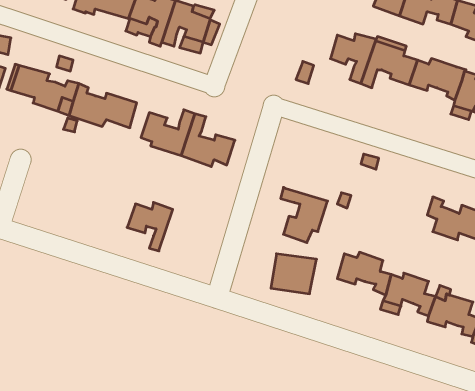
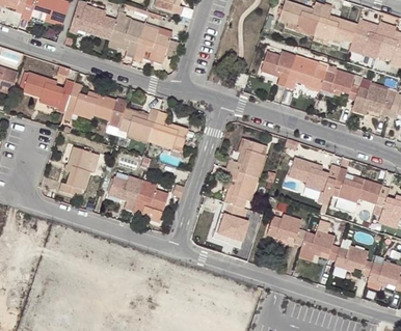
building: none -> [228,136,269,174]
building: none -> [61,145,103,196]
building: none -> [287,157,338,192]
building: none -> [132,181,169,222]

